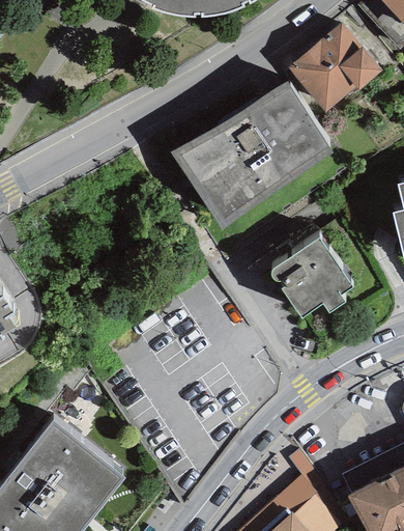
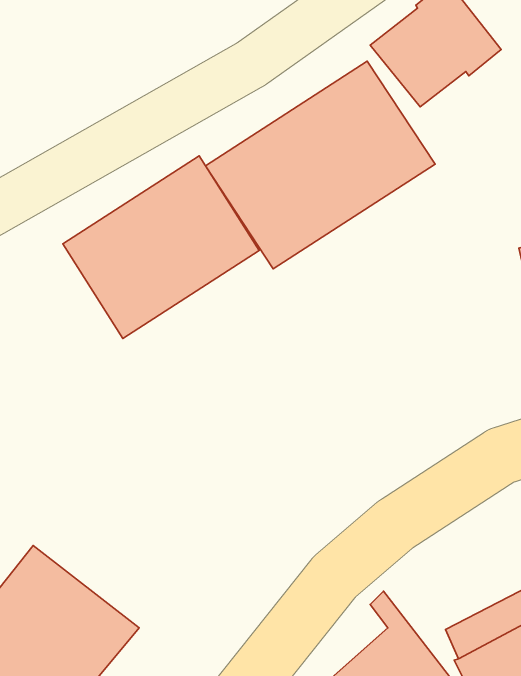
building: none -> [63,156,259,338]
building: [271,235,352,315] -> none

